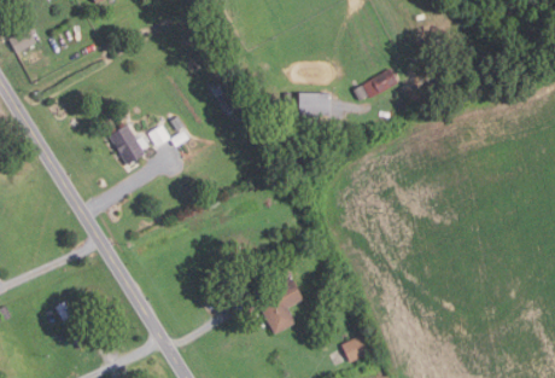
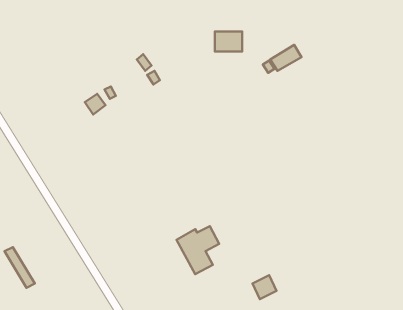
building: [299,93,331,116] -> [215,32,242,51]
building: [109,124,147,165] -> none

